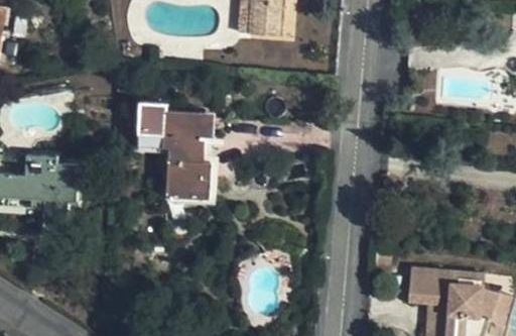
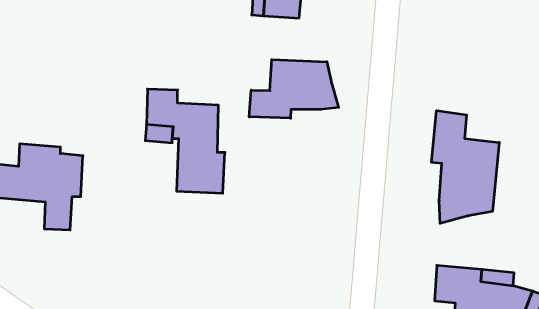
building: none -> [249,60,339,118]
building: none -> [432,111,499,223]

